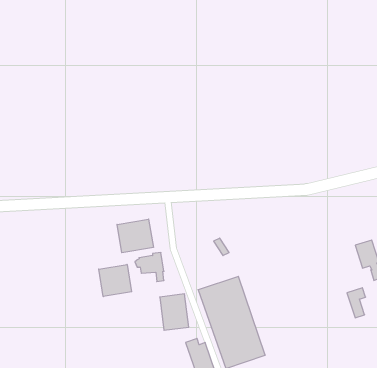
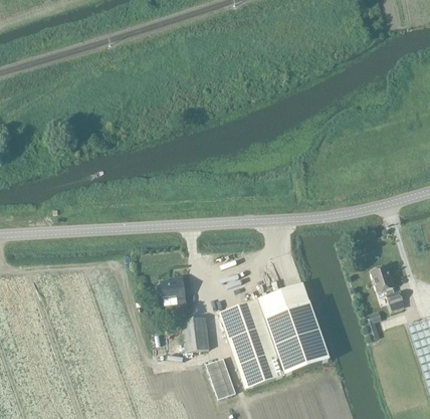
building: [117,219,153,253] -> none
building: none -> [258,282,330,375]
building: [99,264,132,297] -> none

